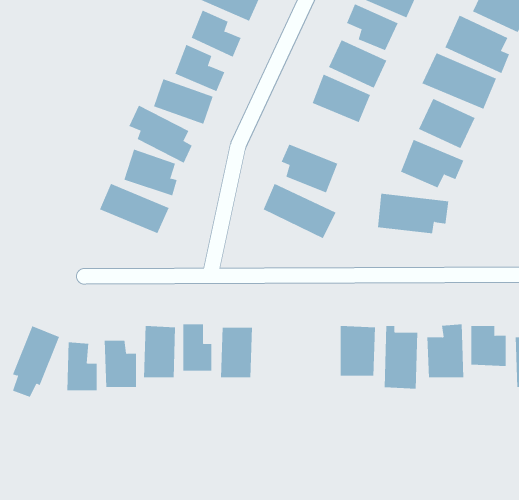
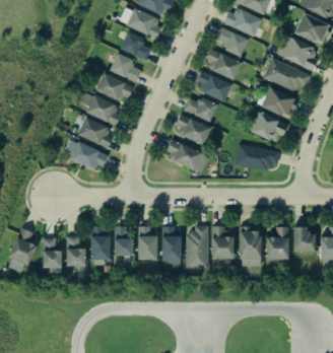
building: none -> [183,97,218,122]
building: none -> [161,226,182,268]
building: none -> [187,226,209,269]

